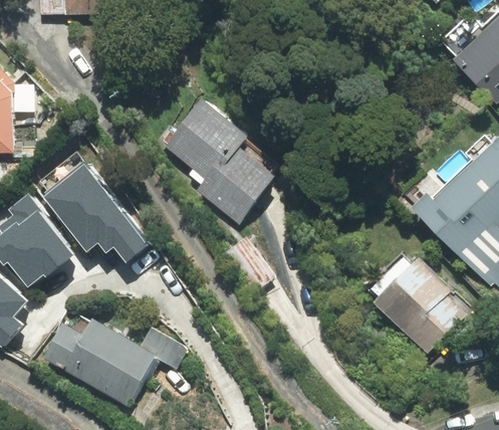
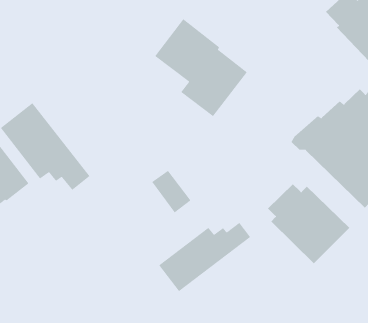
building: [166,99,282,223] -> [154,18,248,117]
building: none -> [158,222,251,292]
building: [43,312,157,406] -> none

